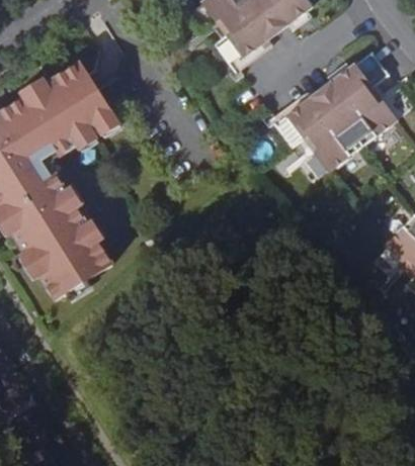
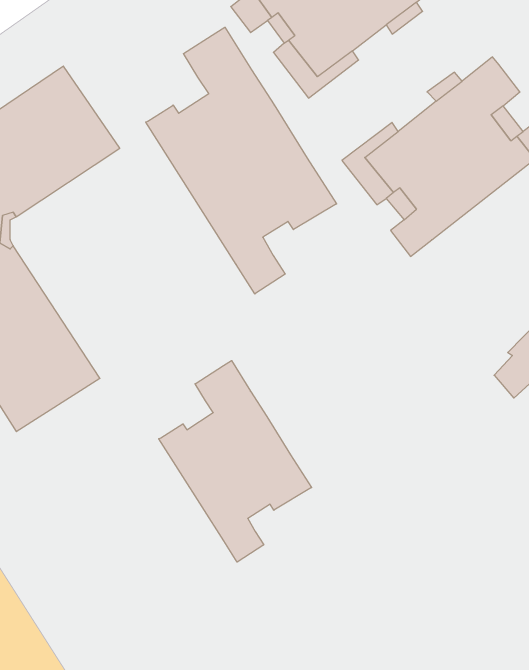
building: none -> [146,27,337,294]
building: none -> [159,361,312,562]

